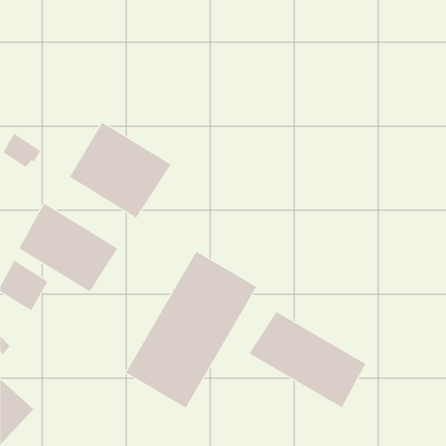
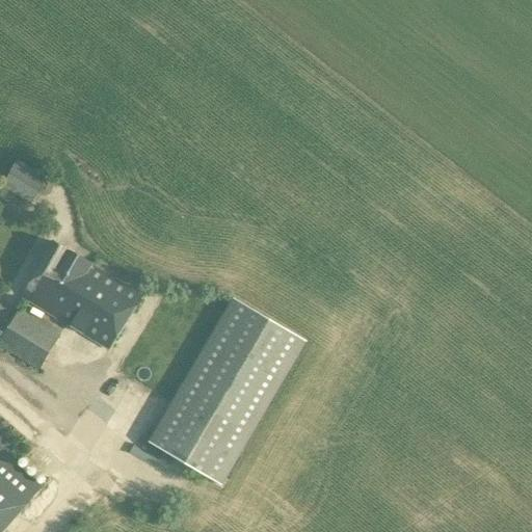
building: [69,122,172,218] -> none
building: [248,311,366,408] -> none

